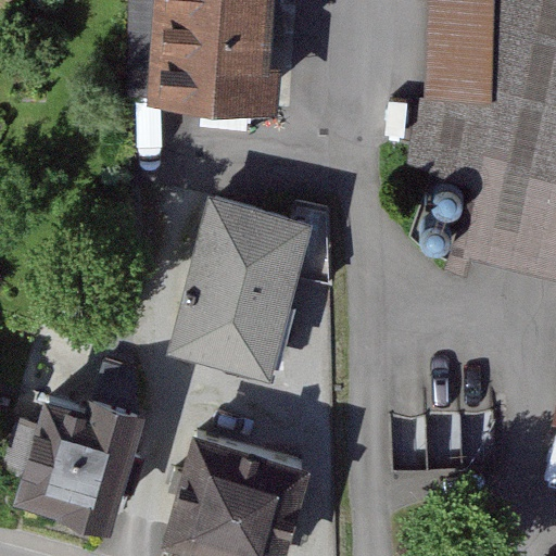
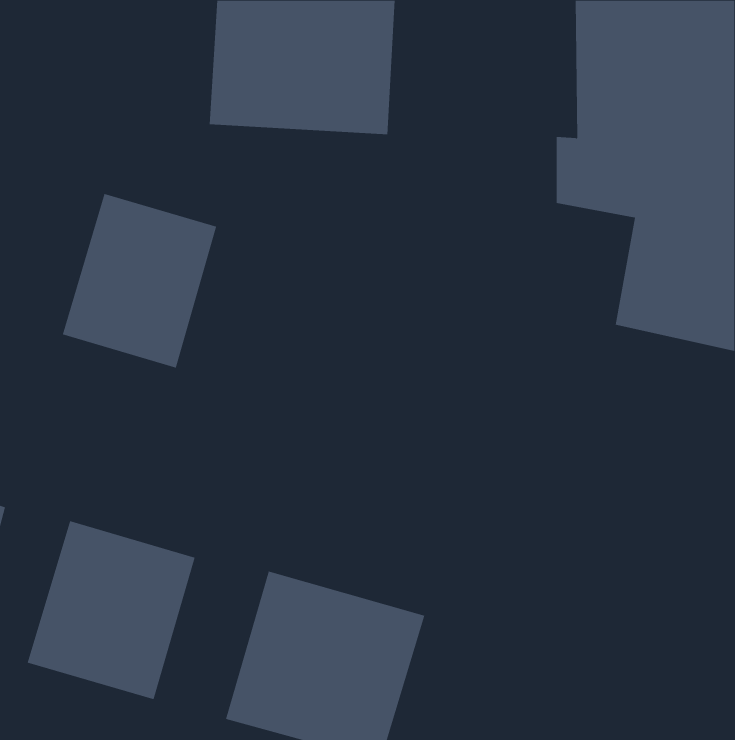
building: none -> [62,193,217,369]
building: [165,192,314,377] -> none

